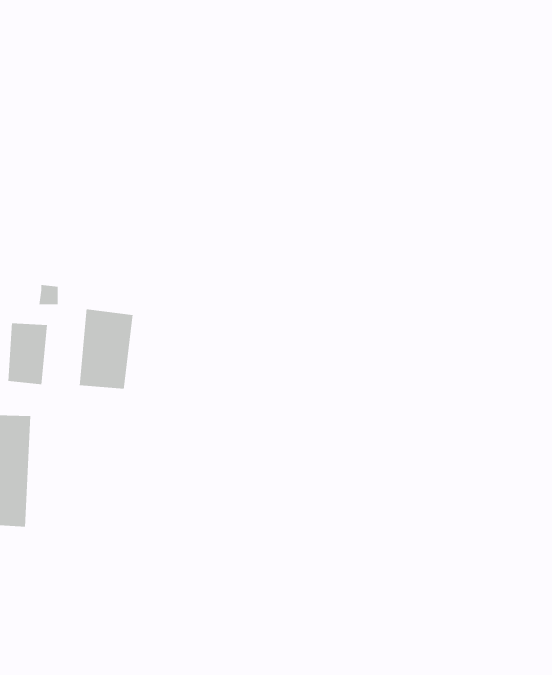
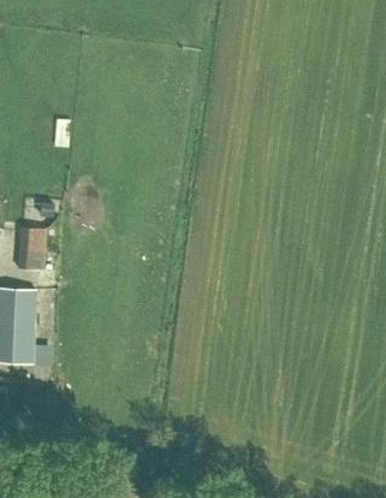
building: [79,308,133,389] -> none

